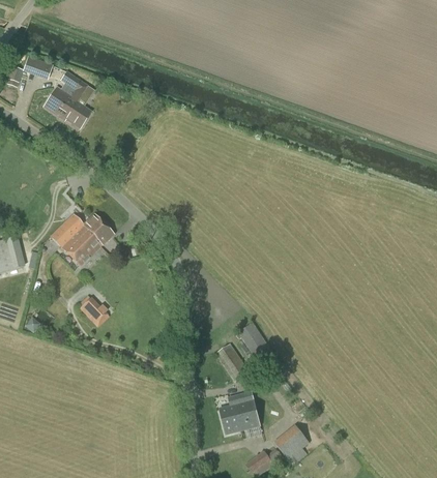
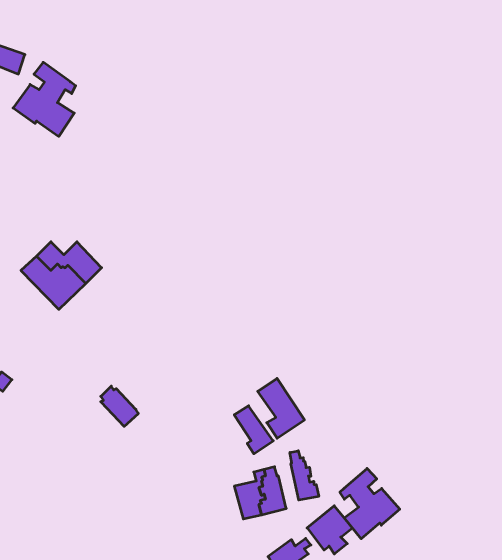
building: [79,295,109,327] -> [101,386,138,426]
building: none -> [290,451,319,500]
building: none -> [340,468,400,539]

